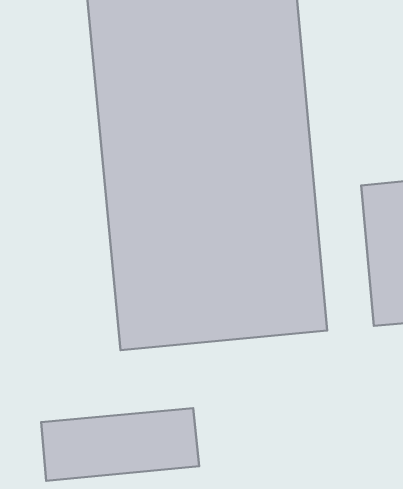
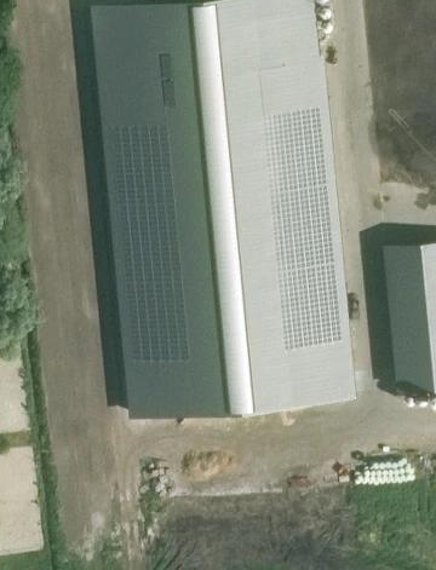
building: [41,408,199,481] -> none

